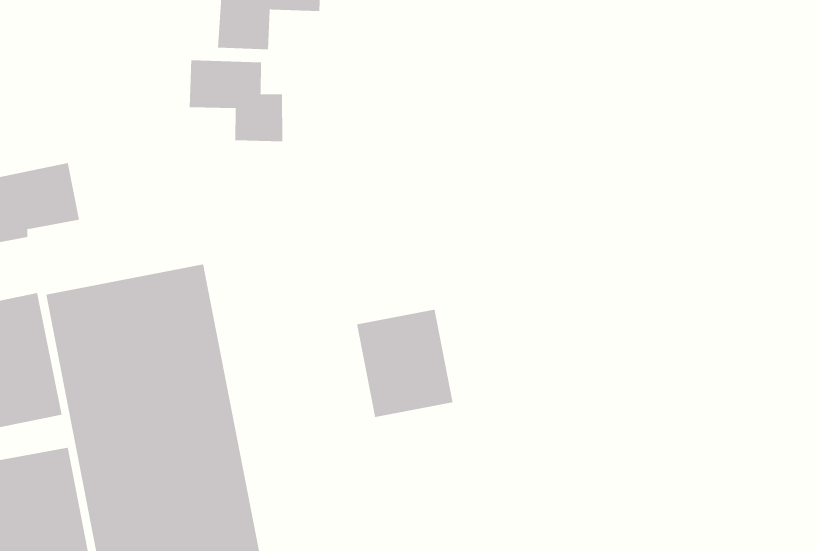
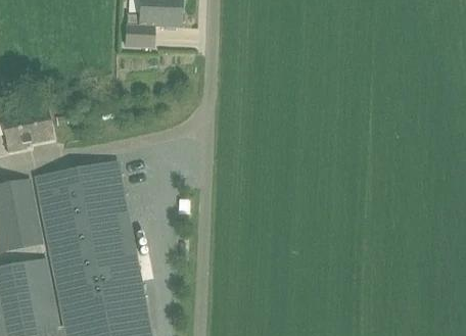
building: [189,59,283,142] -> none
building: [357,309,453,418] -> none

